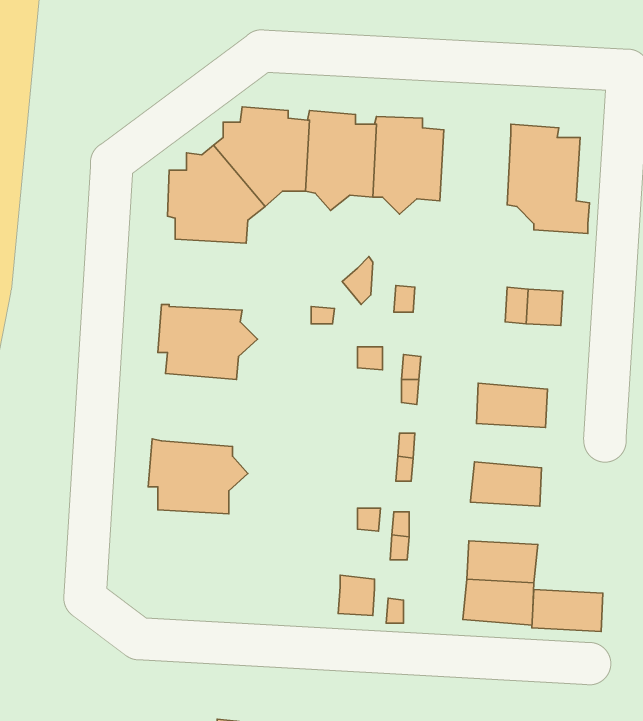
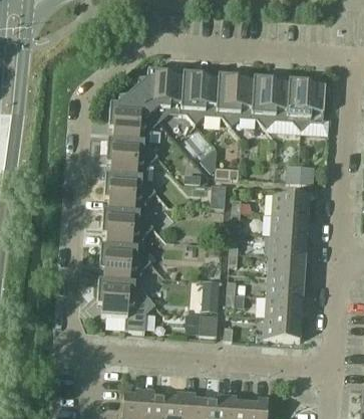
building: none -> [252,75,301,133]
building: none -> [106,137,158,175]
building: none -> [272,192,310,216]
building: none -> [102,207,153,246]
building: none -> [270,234,307,257]
building: none -> [97,277,155,330]
building: [532,589,603,632] -> [267,275,304,297]

